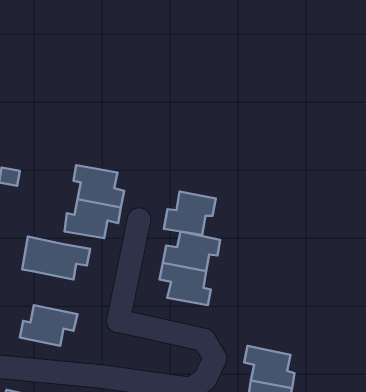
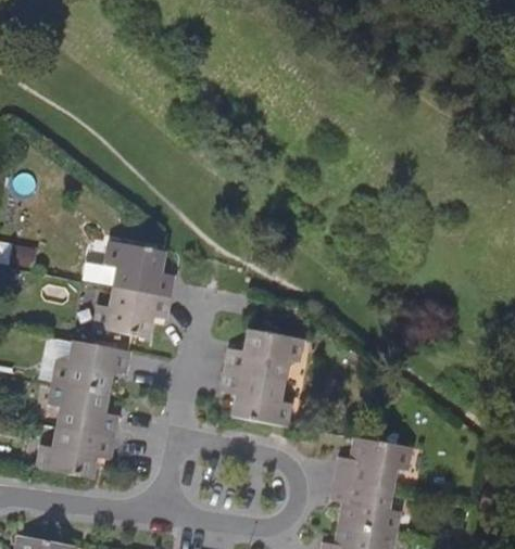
building: [164,191,216,235] -> none
building: none -> [51,380,118,436]
building: none -> [337,437,411,489]

